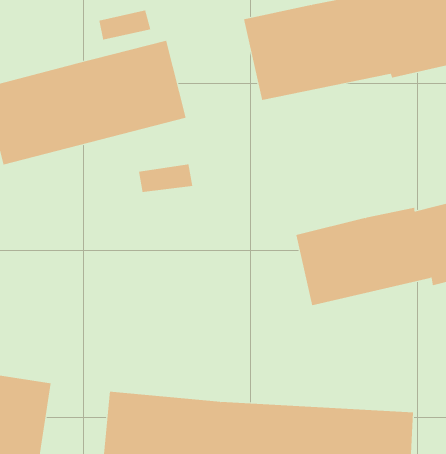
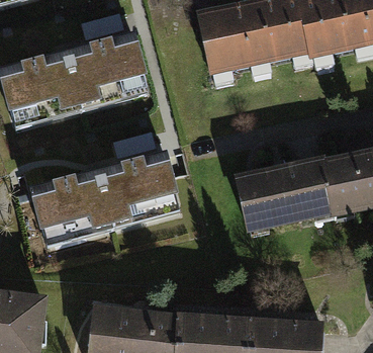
building: none -> [27,154,184,250]

